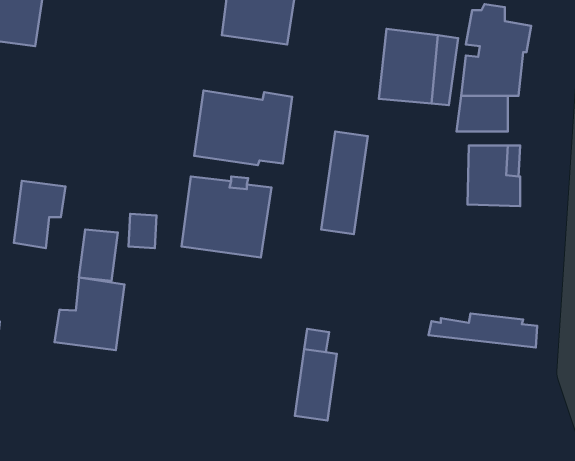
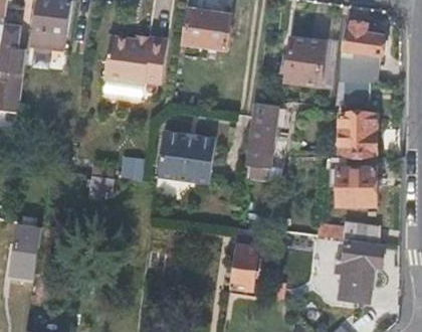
building: [194,91,292,165] -> [103,37,167,86]
building: [14,181,65,248] -> none
building: none -> [326,156,375,204]
building: [54,278,124,350] -> none
building: none -> [336,242,382,303]

